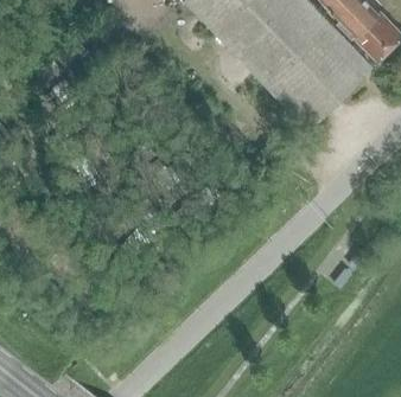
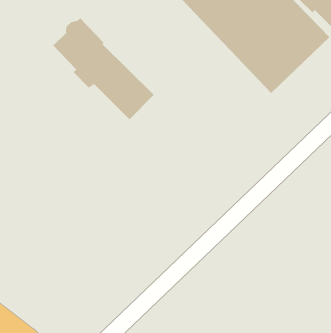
building: none -> [52,18,155,120]

